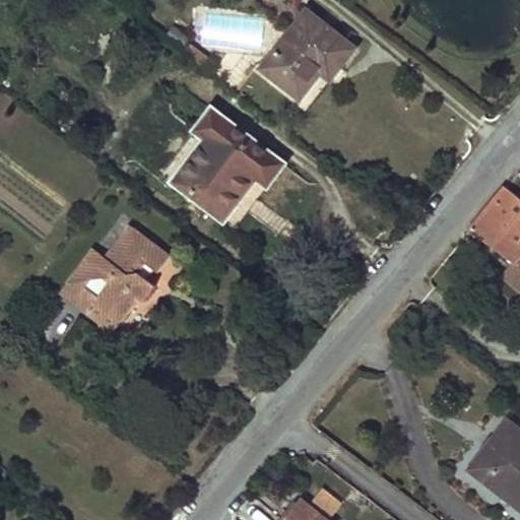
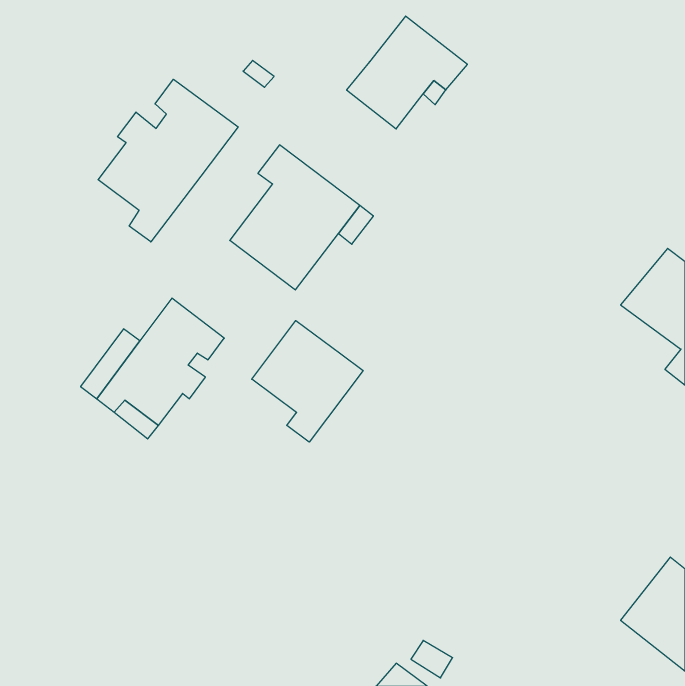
building: none -> [98,79,238,242]
building: none -> [252,321,363,442]

